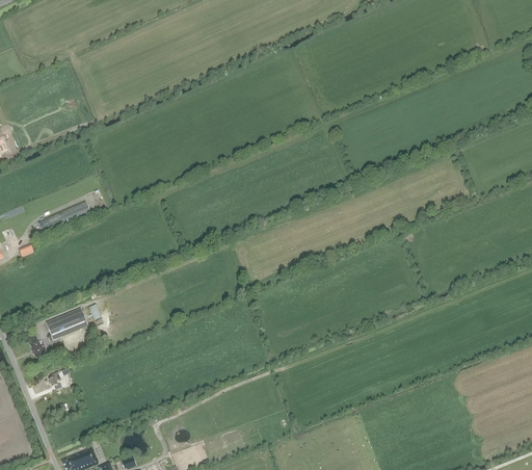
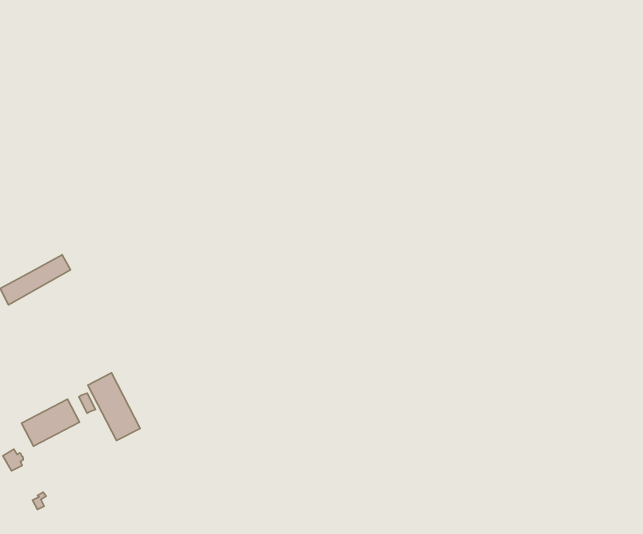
building: none -> [88,373,140,441]

